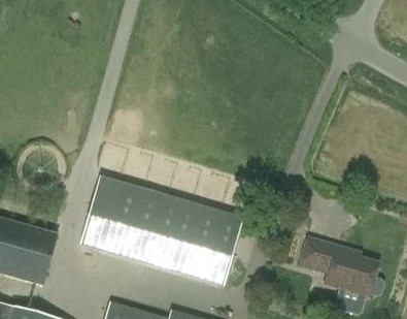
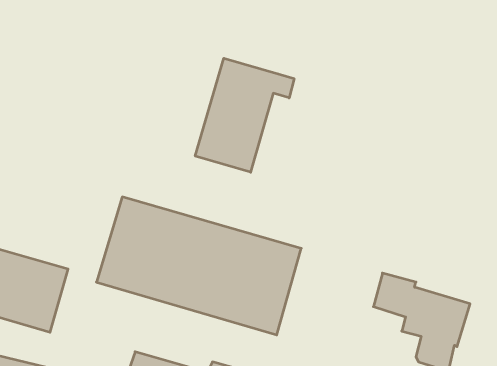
building: none -> [195,58,294,172]

